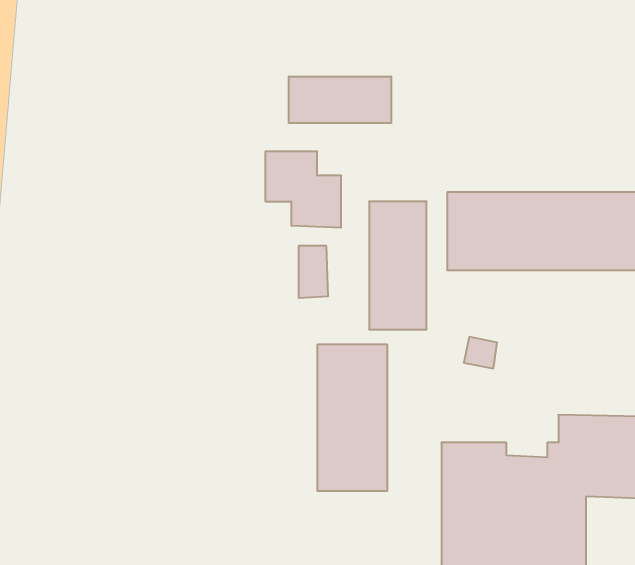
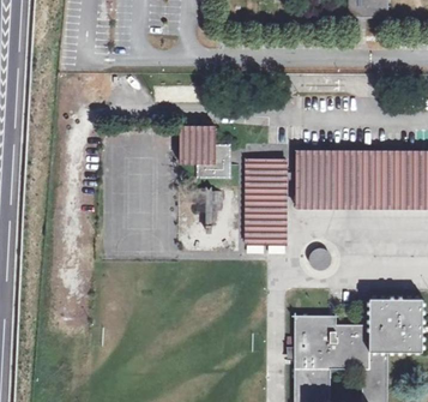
building: [289,76,391,123] -> none
building: [318,344,387,491] -> none

